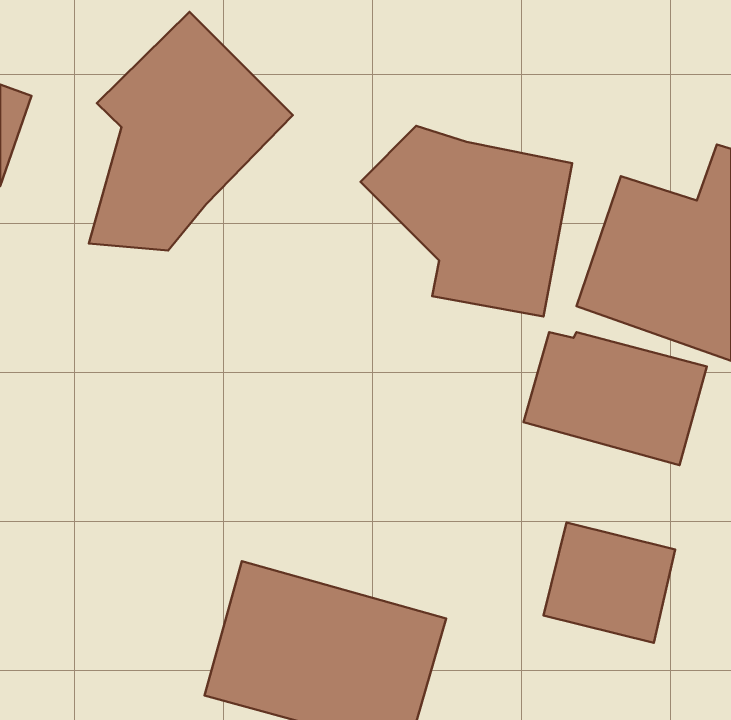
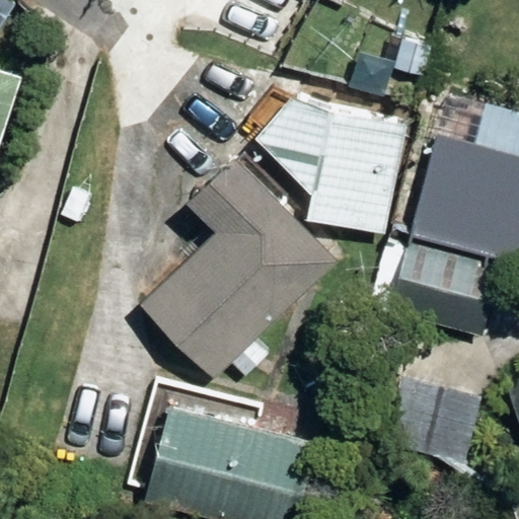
building: [89,12,293,251] -> none
building: none -> [141,155,335,378]

